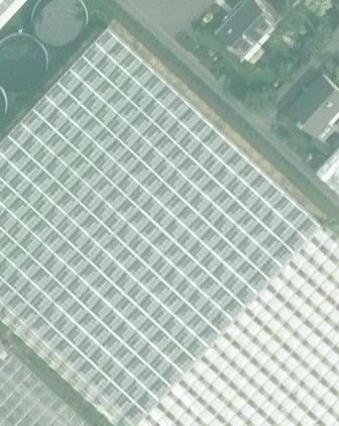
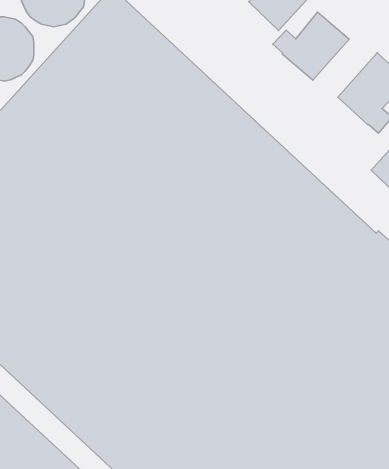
building: none -> [273,12,349,80]

